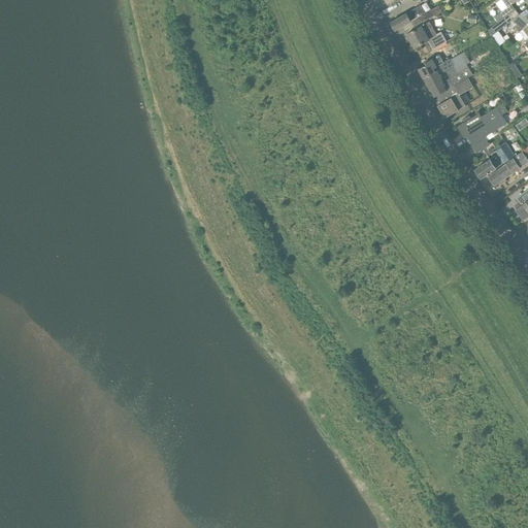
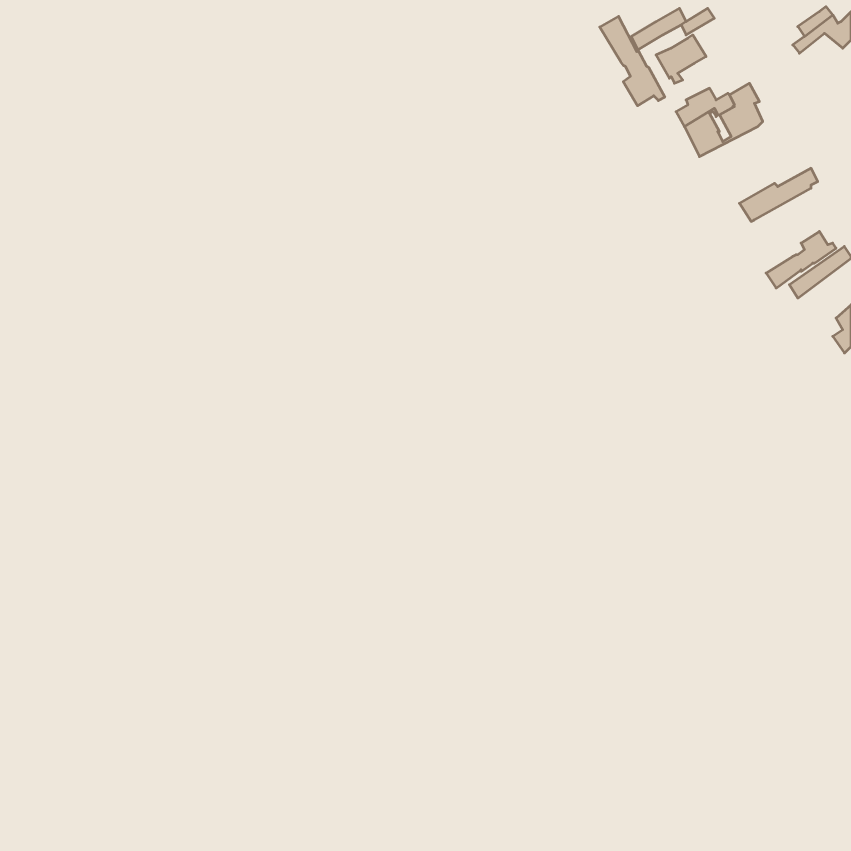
building: none -> [600,16,665,106]
building: [433,78,473,118] -> none
building: [467,117,506,153] -> none

